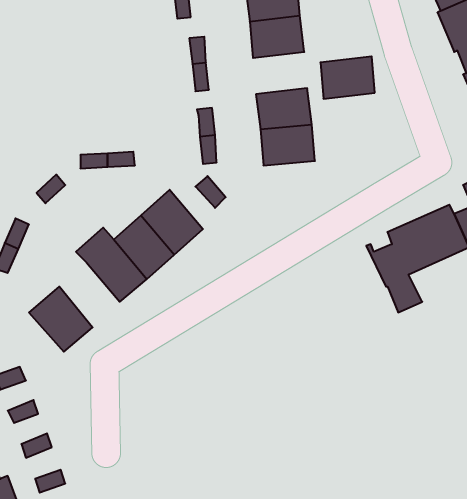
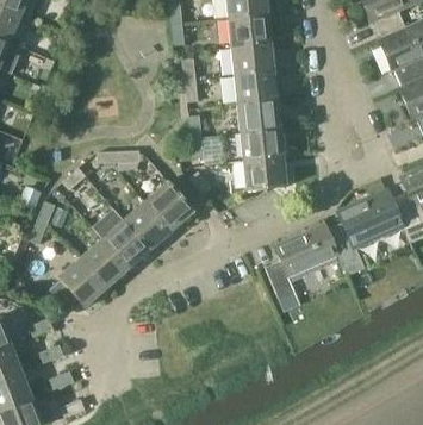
building: [320,56,375,99] -> [234,70,276,104]
building: none -> [242,156,286,189]
building: none -> [266,223,338,311]
building: none -> [81,236,129,287]

